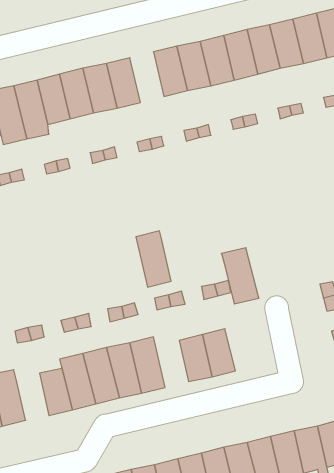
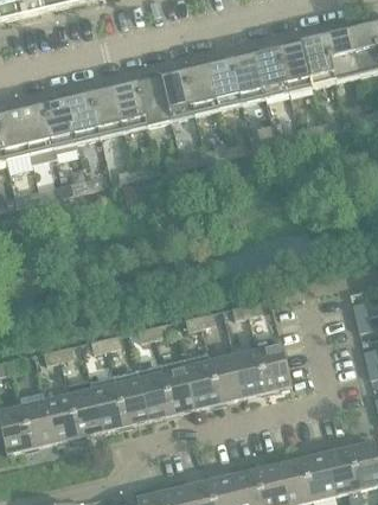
building: none -> [159,69,193,120]
building: [136,231,171,287] -> [182,351,218,408]
building: [221,248,259,304] -> [252,334,290,391]
building: none -> [44,394,77,441]

